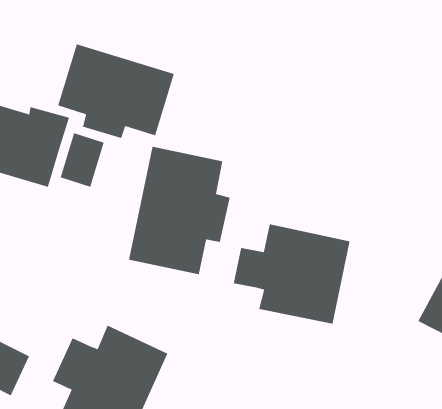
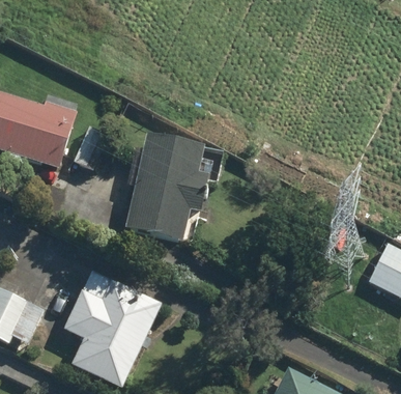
building: [58,43,175,139] -> none
building: [233,224,350,324] -> none

